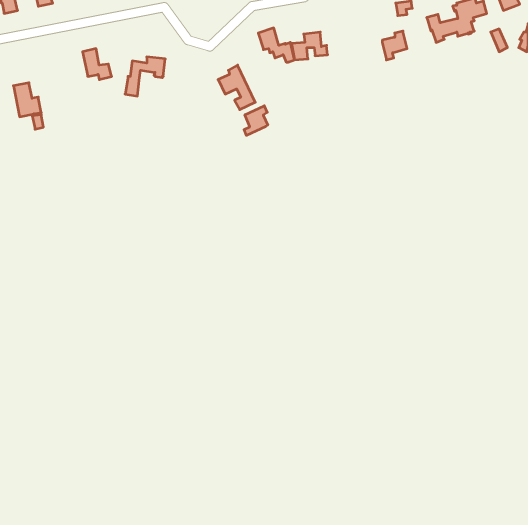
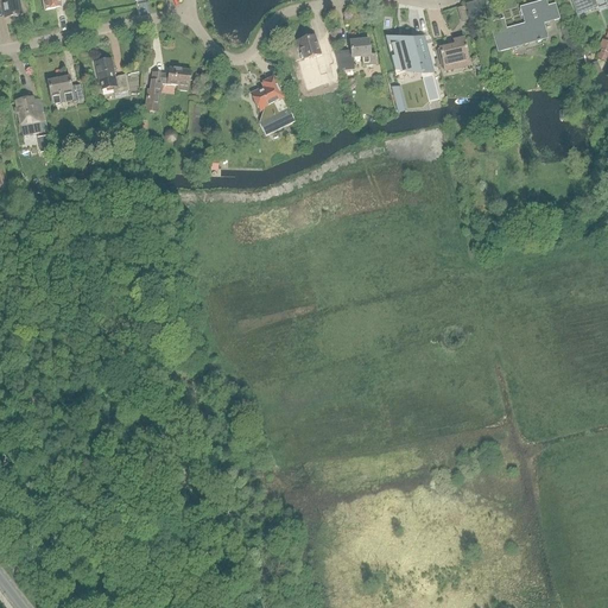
building: none -> [386,34,433,72]
building: none -> [48,74,83,101]
building: [244,106,268,135] -> none

